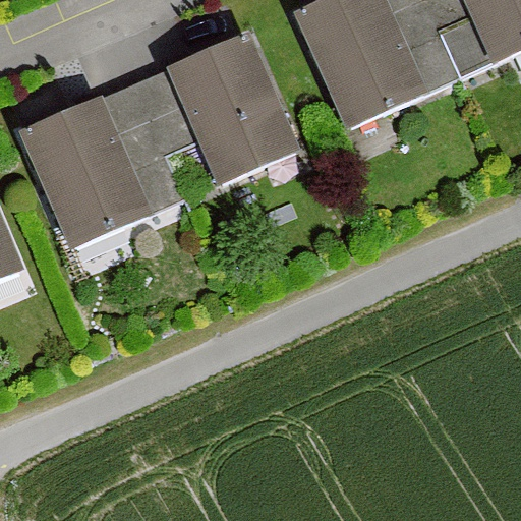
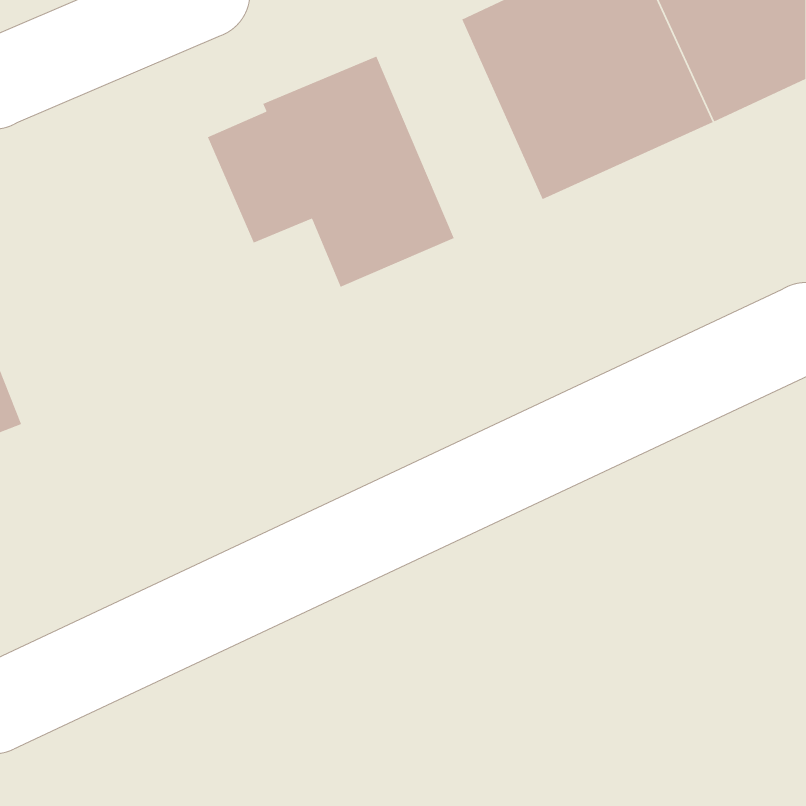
building: [20,88,181,247] -> none

